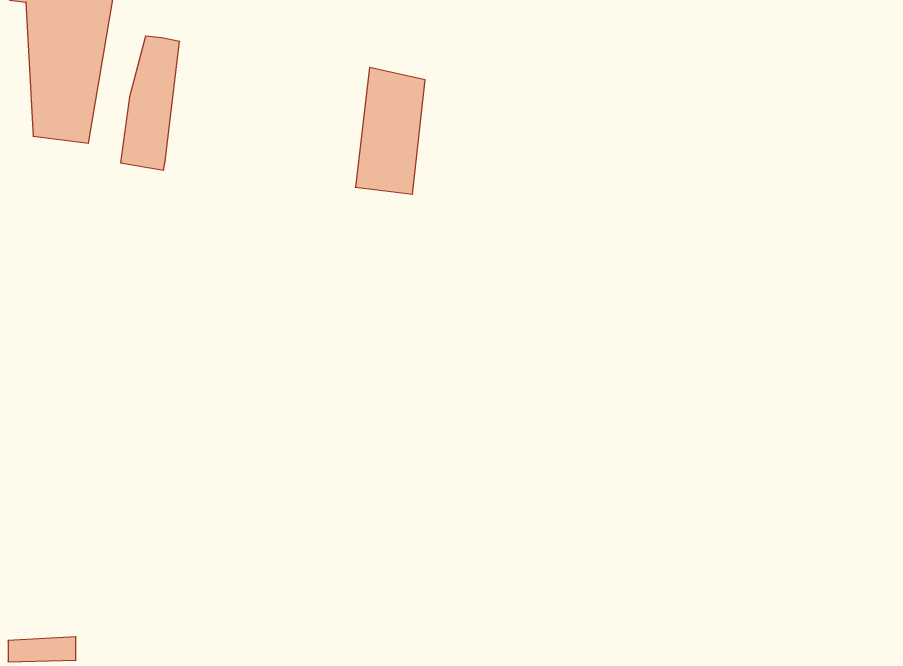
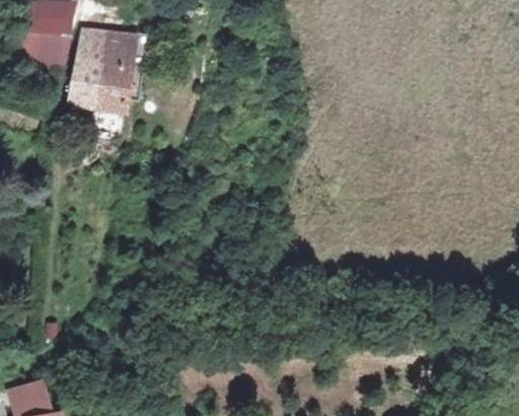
building: [355,67,425,194] -> [99,37,139,109]

